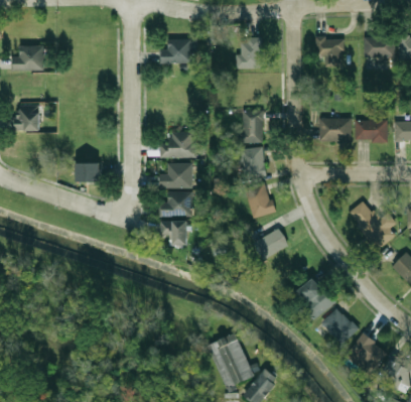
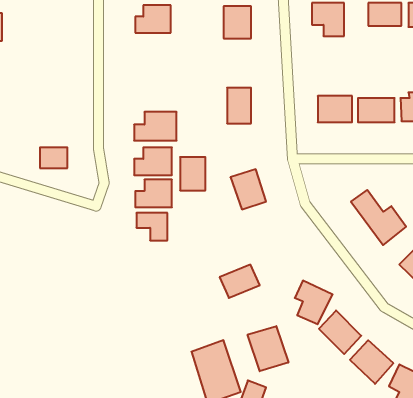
building: [243,148,265,177] -> [180,157,205,190]
building: [254,230,289,259] -> [220,265,260,298]
building: none -> [248,326,288,371]

